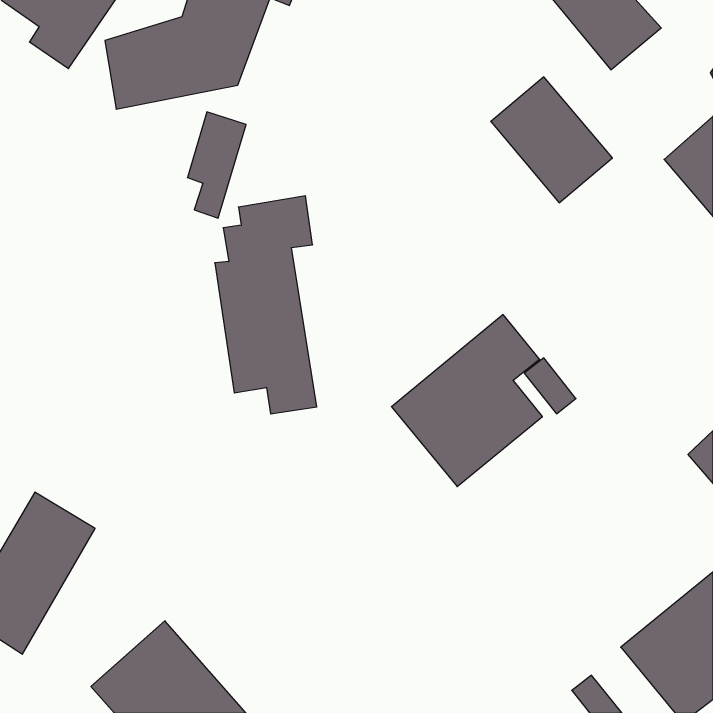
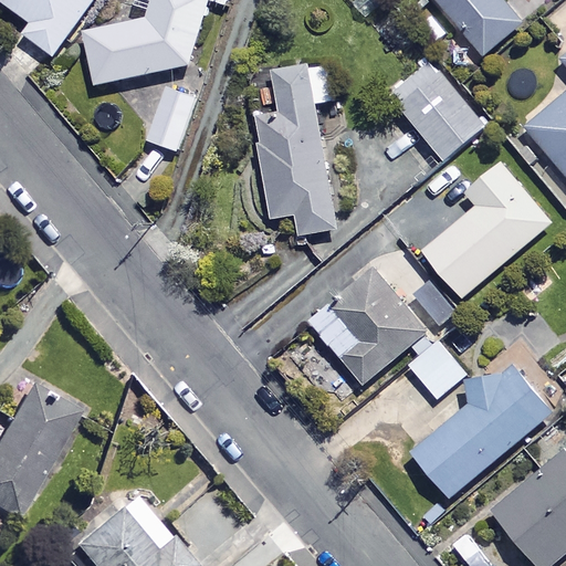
building: [215,196,317,414] -> [254,62,335,234]
building: none -> [420,160,548,297]
building: none -> [409,342,465,400]
building: none -> [411,358,551,496]

